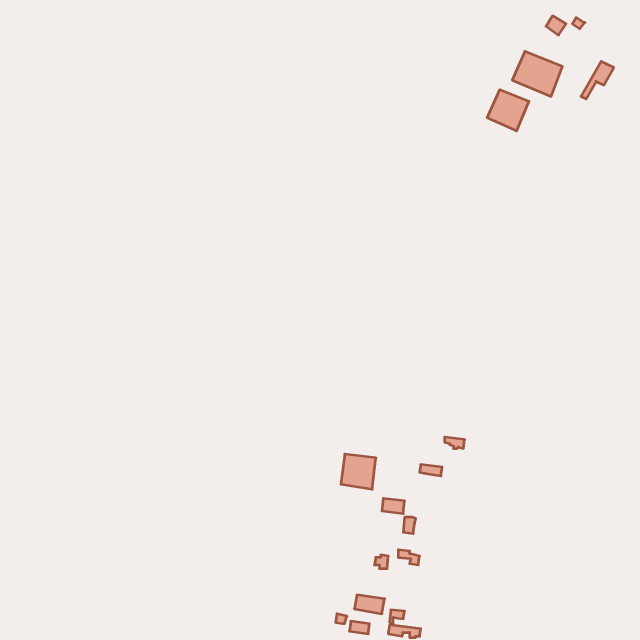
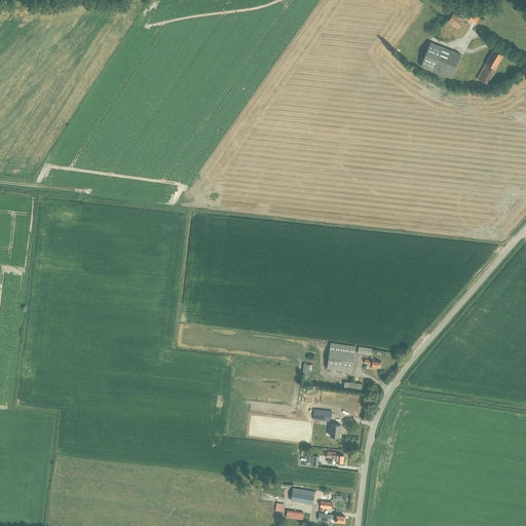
building: [487,90,529,131] -> none
building: [341,454,376,489] -> [327,343,355,372]

